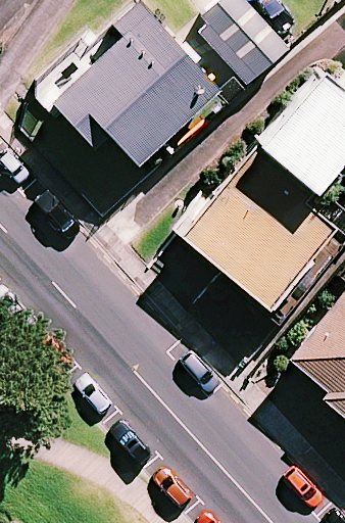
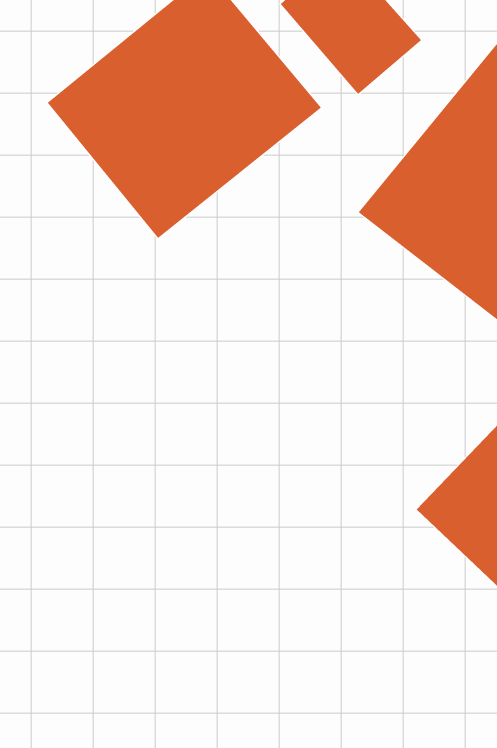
building: [178,182,332,308] -> none

